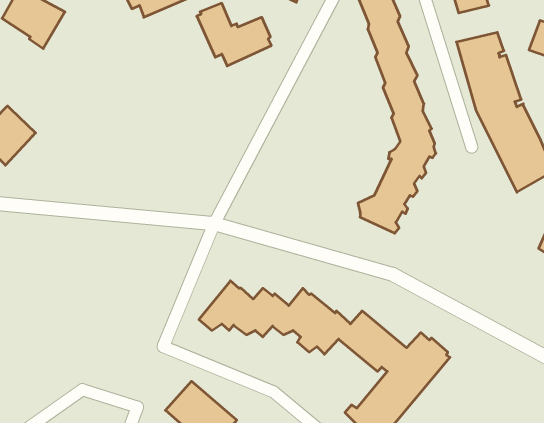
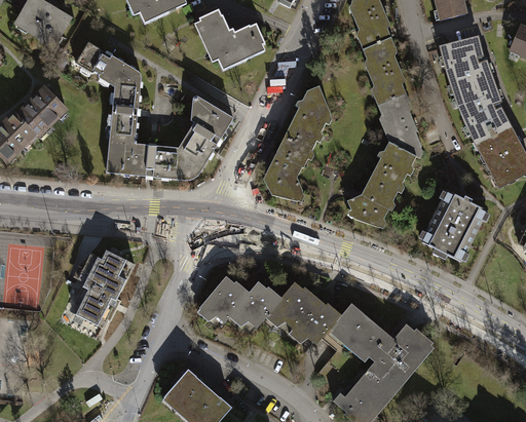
building: none -> [74,41,233,181]
building: none -> [17,82,71,139]
building: none -> [263,88,328,202]
building: none -> [419,193,485,265]
building: none -> [77,250,137,328]

